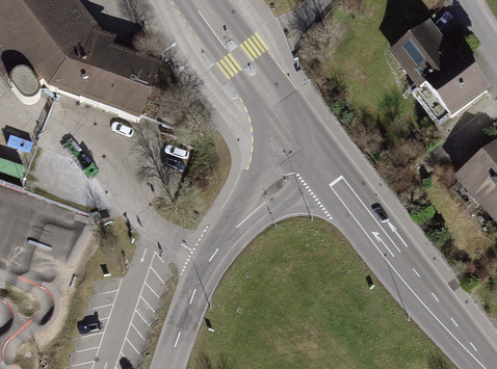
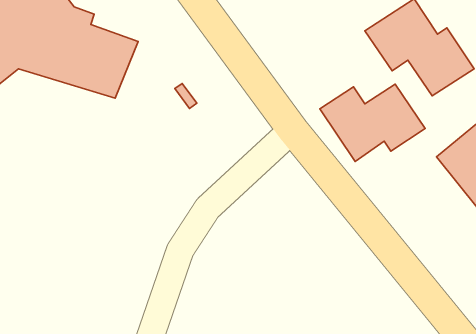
building: none -> [320,84,425,161]

